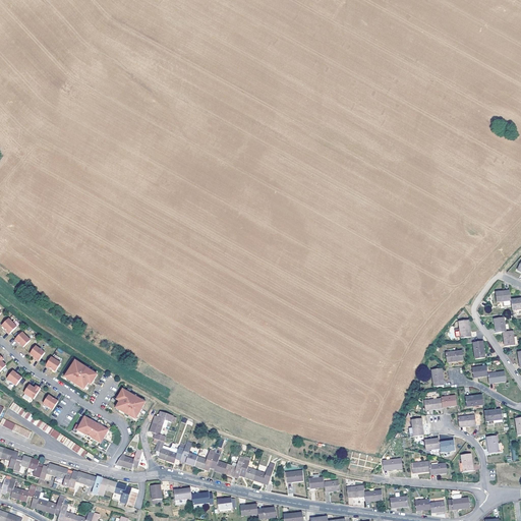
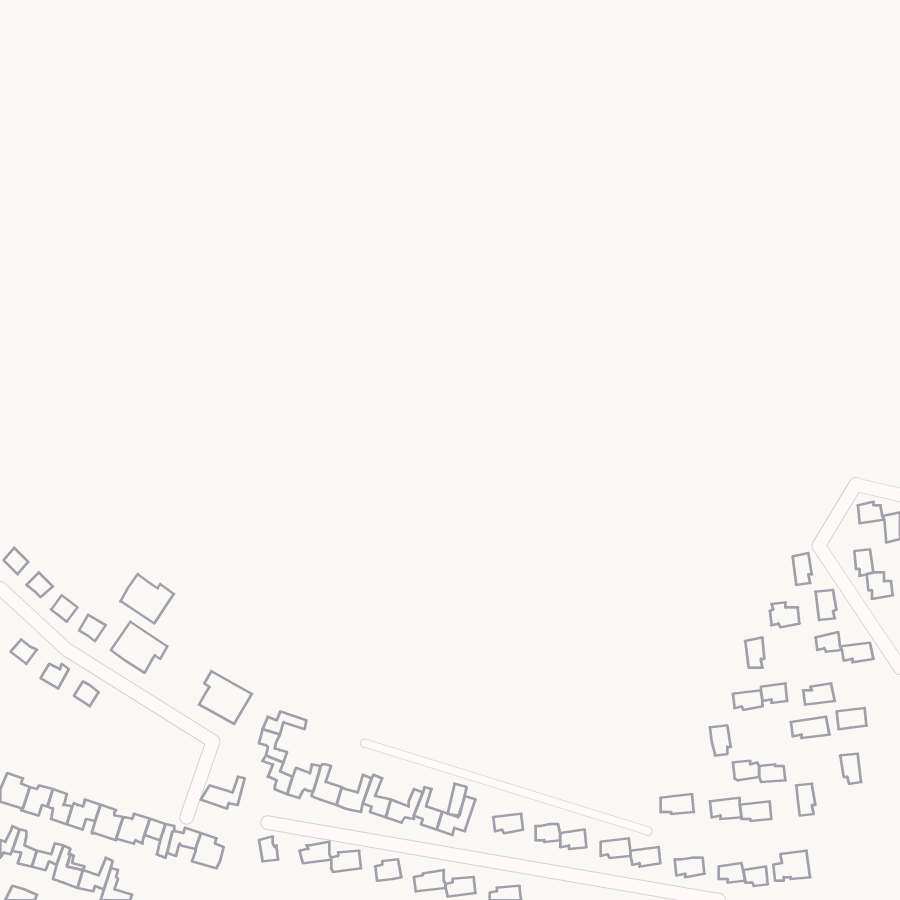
building: none -> [120,574,174,623]
building: [72,415,110,449] -> none

